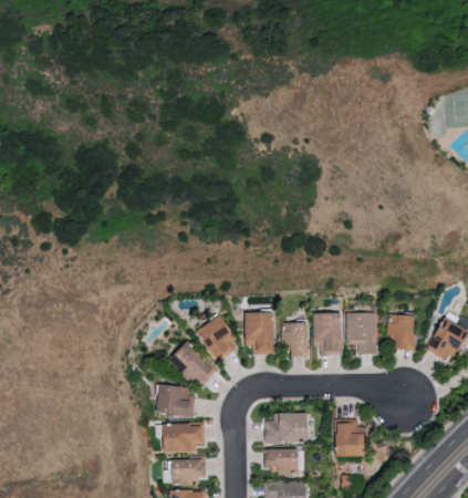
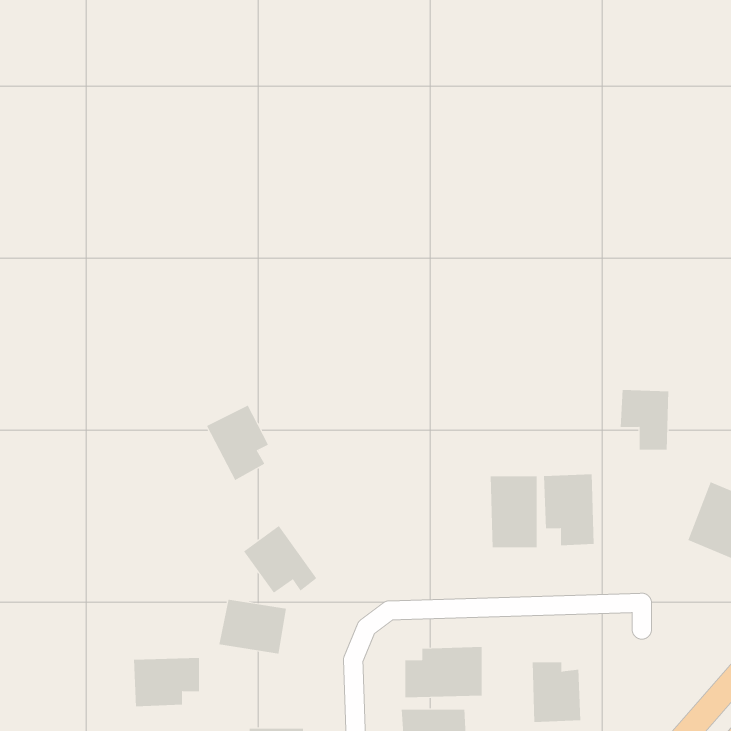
building: [245,312,274,354] -> none
building: [386,314,415,350] -> [620,389,669,450]
building: [199,315,236,360] -> [206,405,269,481]
building: [280,322,308,356] -> none
building: [165,424,204,453] -> [133,658,200,707]

